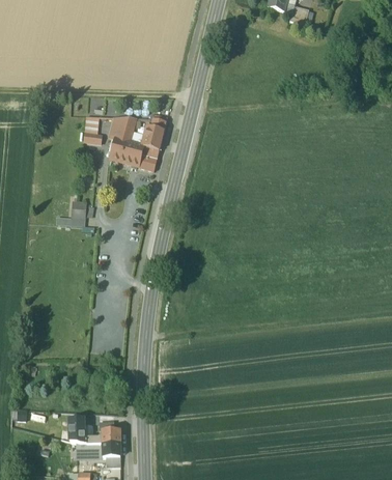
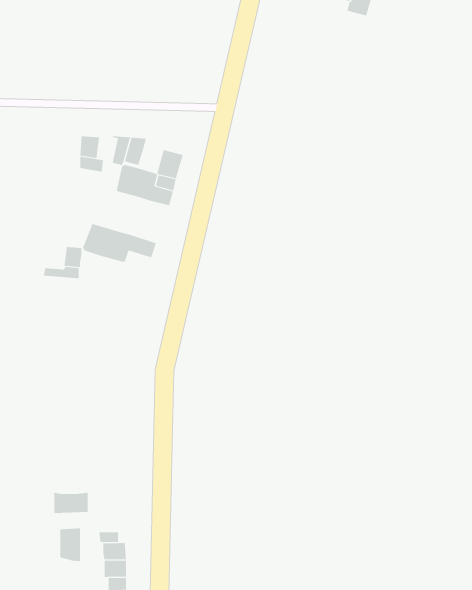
building: none -> [82,223,156,263]
building: [76,443,103,459] -> [54,492,89,514]

